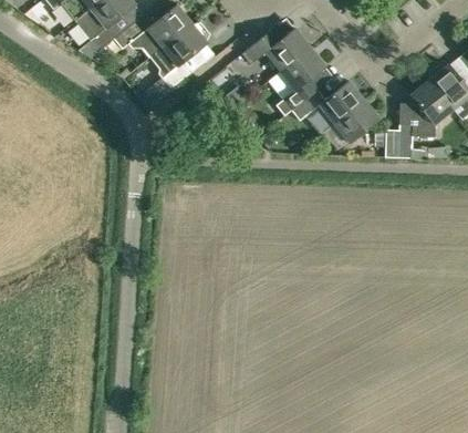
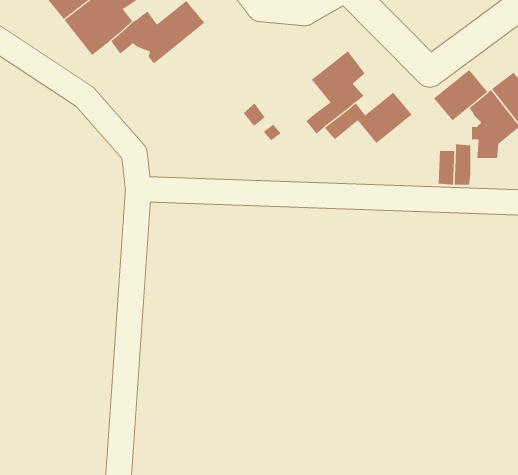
building: [152,22,210,87] -> none
building: [242,25,311,70] -> none
building: [334,99,379,142] -> [433,69,488,121]

